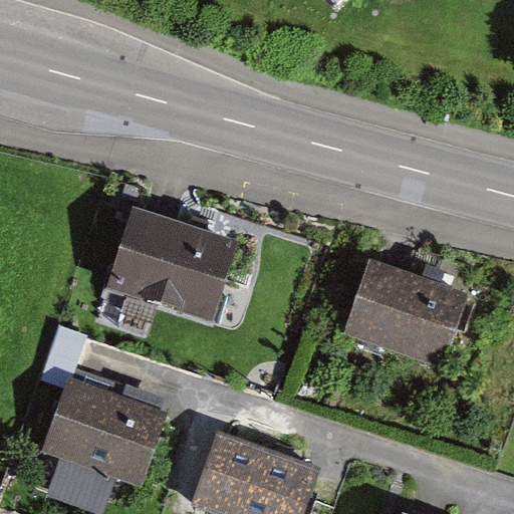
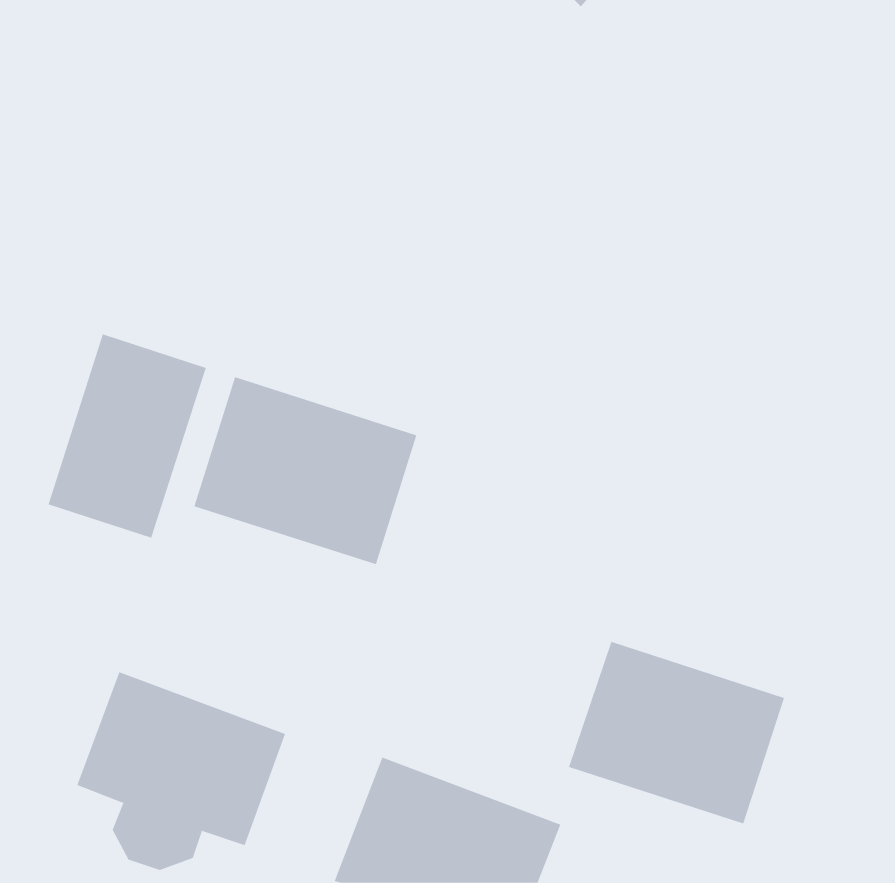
building: none -> [48,333,206,539]
building: [343,264,466,367] -> [568,641,785,824]

